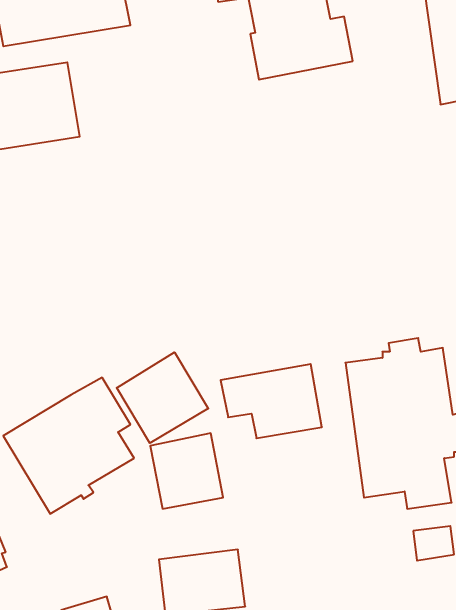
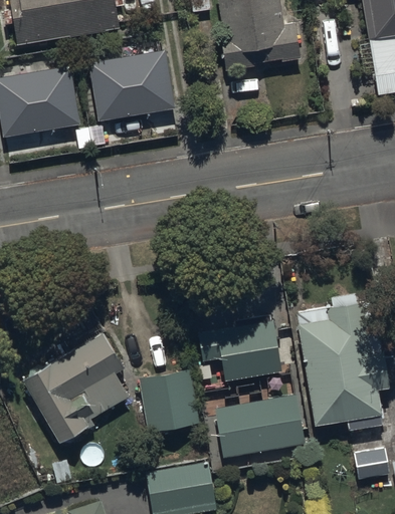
building: none -> [89,51,177,123]
building: [117,352,208,443] -> none
building: none -> [216,394,305,457]

